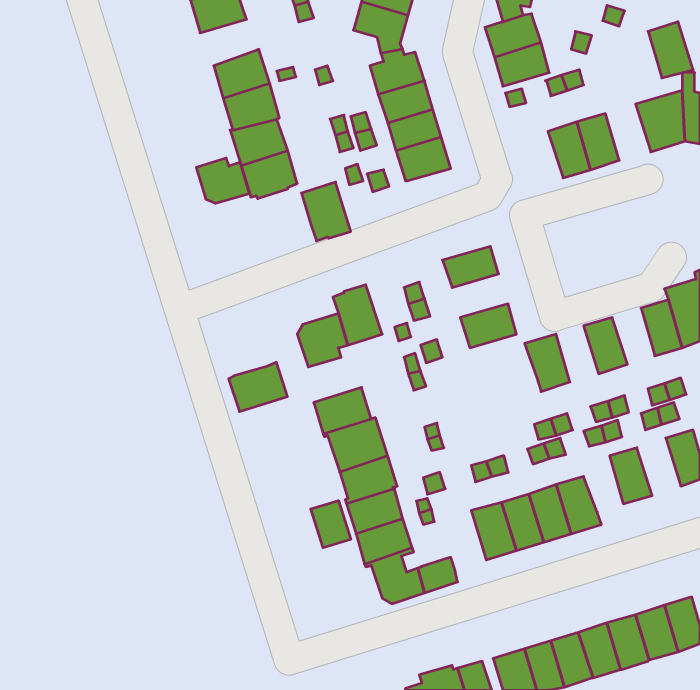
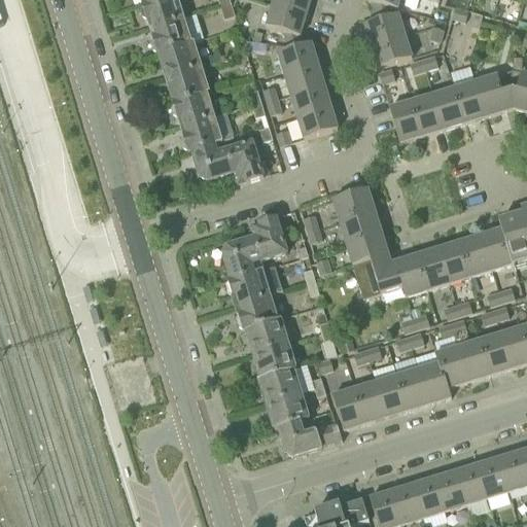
building: none -> [150,14,192,50]
building: [648,22,693,78] -> [455,78,489,120]
building: none -> [390,99,423,140]
building: [196,158,250,203] -> [194,142,234,176]
building: none -> [340,206,382,239]
building: none -> [460,232,492,274]
building: none -> [418,245,450,287]
building: none -> [353,251,403,296]
building: [229,362,287,412] -> [227,266,272,303]
building: none -> [479,329,512,373]
building: none -> [435,343,468,385]
building: [311,501,351,548] -> none
building: none -> [332,384,365,427]

